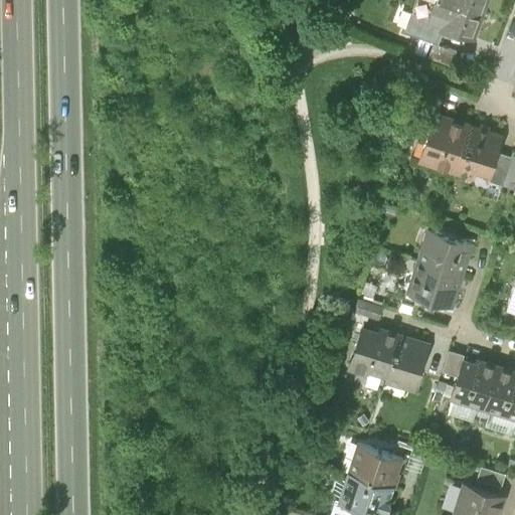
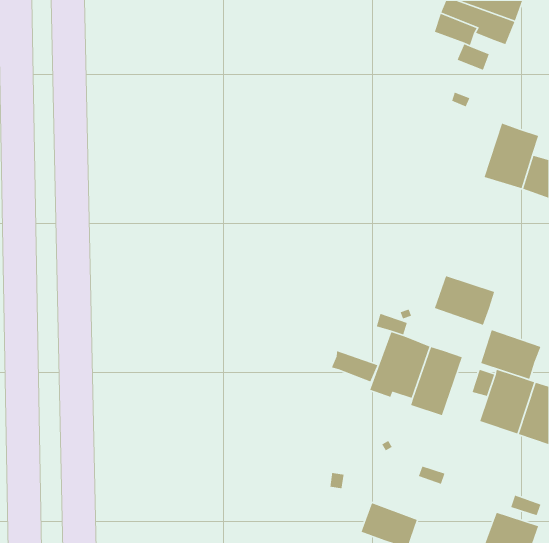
building: [416,110,469,172] -> none
building: [416,231,474,279] -> [480,329,542,380]
building: none -> [331,350,378,382]
building: [347,443,402,492] -> none

